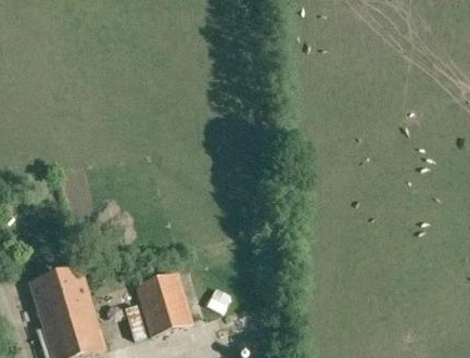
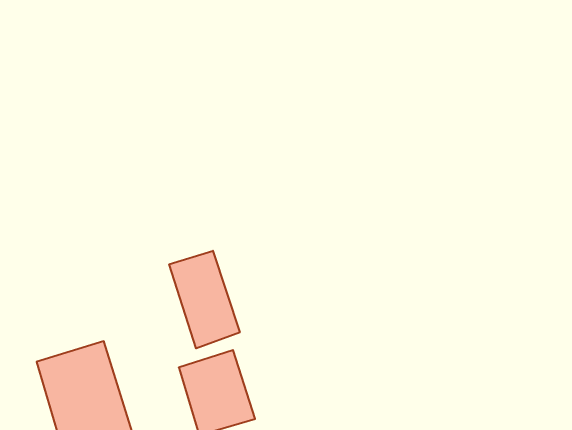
building: none -> [169,251,240,348]

